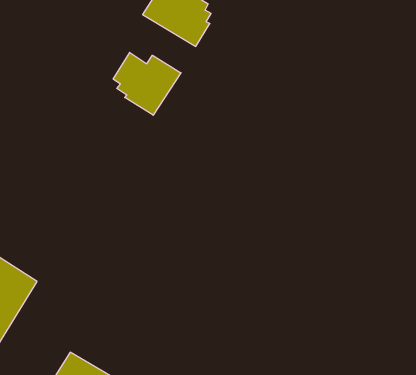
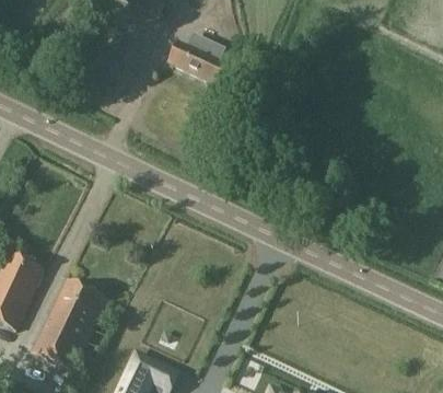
building: [113,52,181,115] -> none

